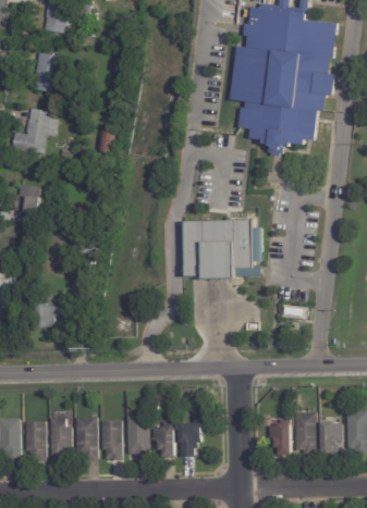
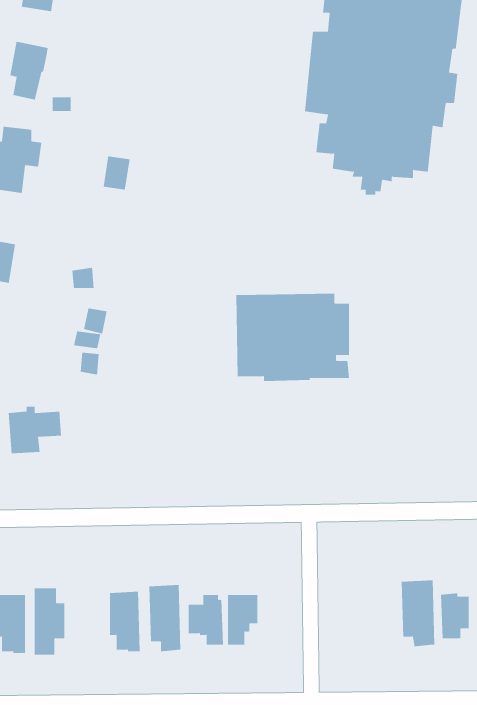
building: [76,416,98,460] -> none
building: [270,421,295,454] -> none

